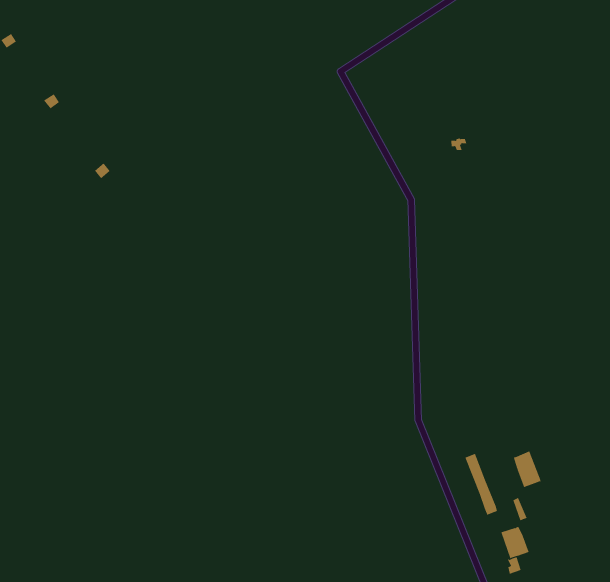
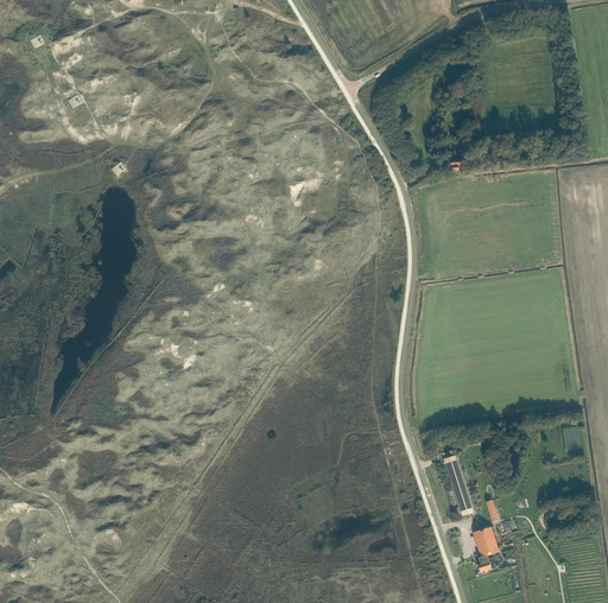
building: [513,451,542,488] -> none

